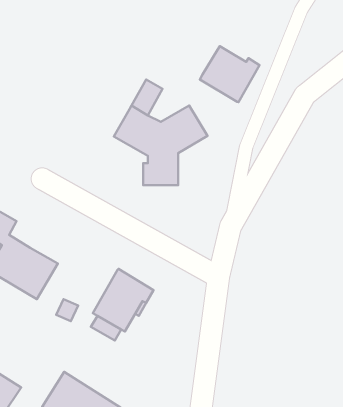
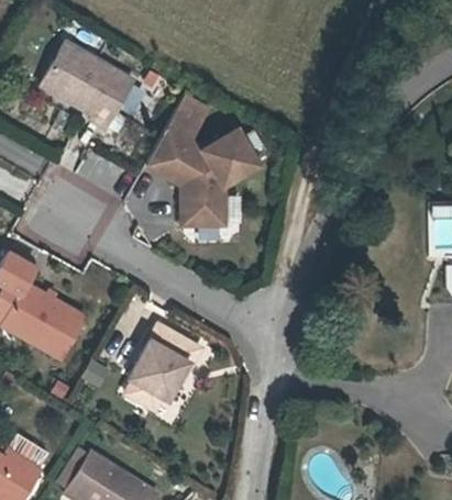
building: none -> [41,42,134,129]
building: [200,46,260,102] -> none

